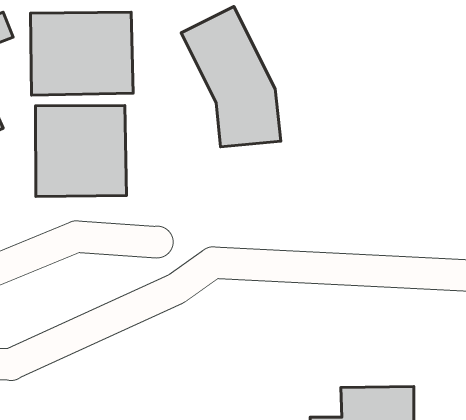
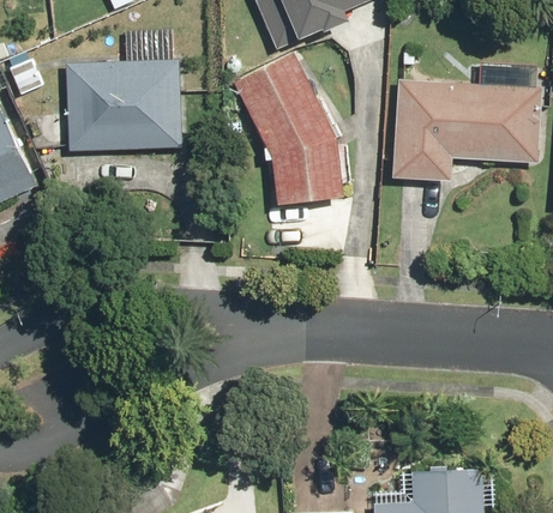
building: none -> [389,80,539,182]
building: [35,106,126,197] -> none

